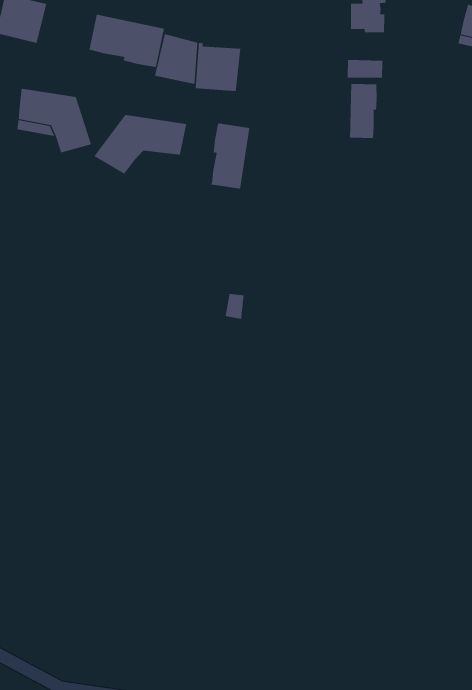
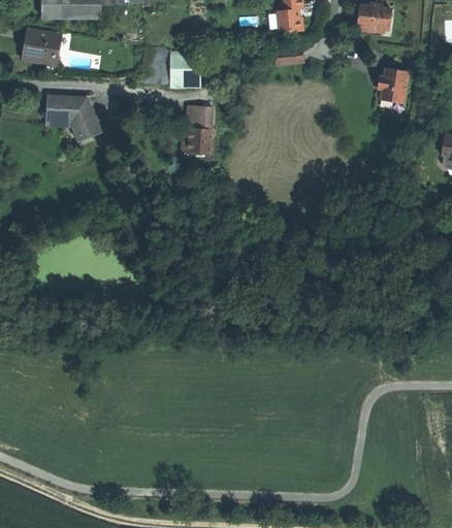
building: [89,14,164,68] -> none
building: [349,83,377,139] -> none
building: [94,114,187,175] -> none

